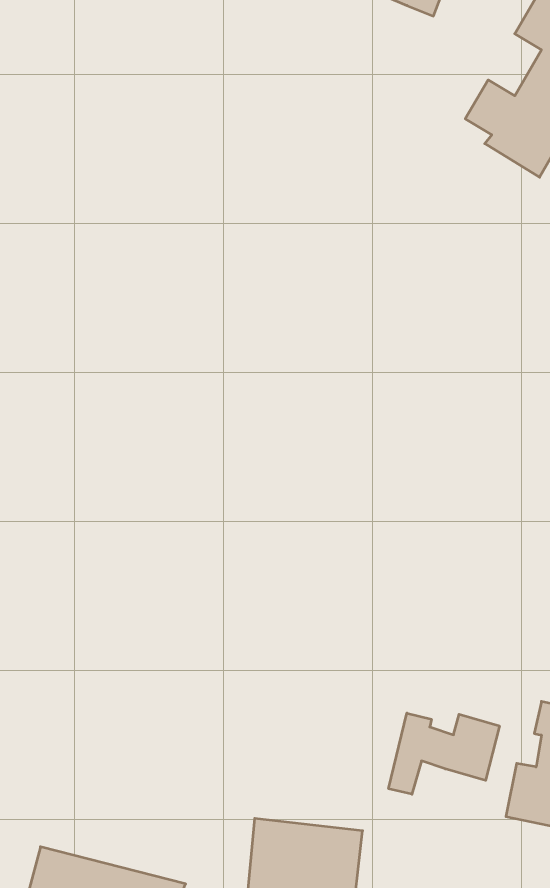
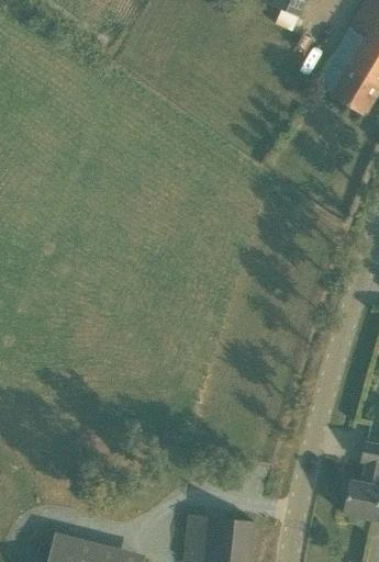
building: [389,713,499,794] -> none

